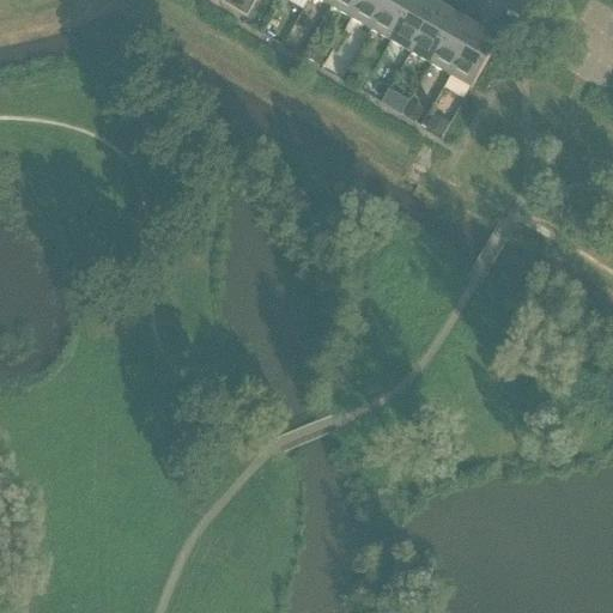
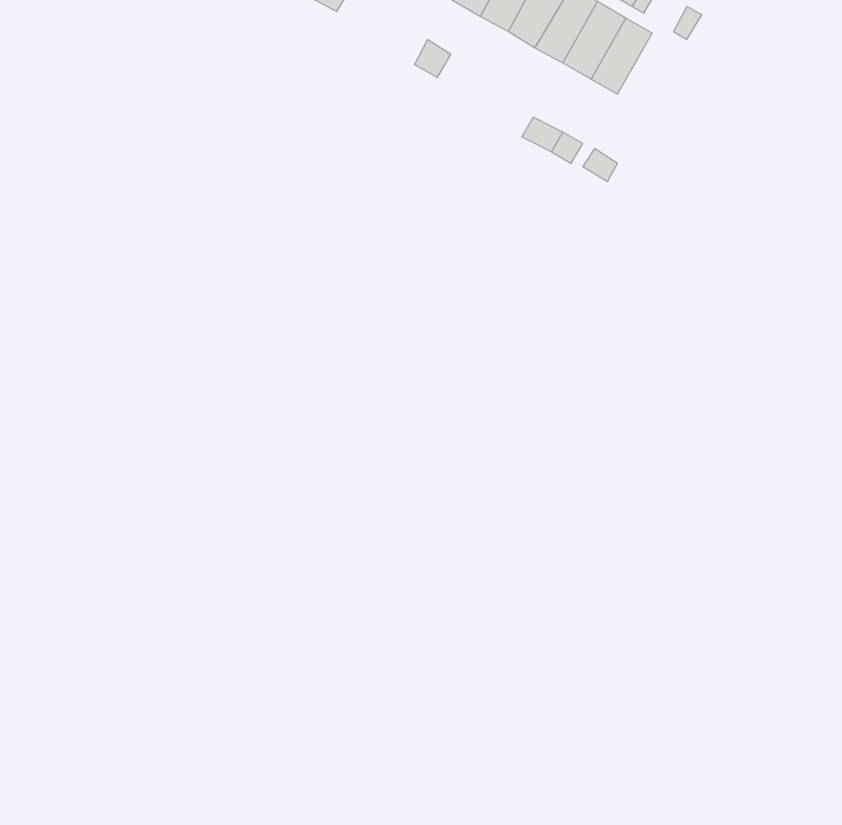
building: [448,24,494,80] -> none

